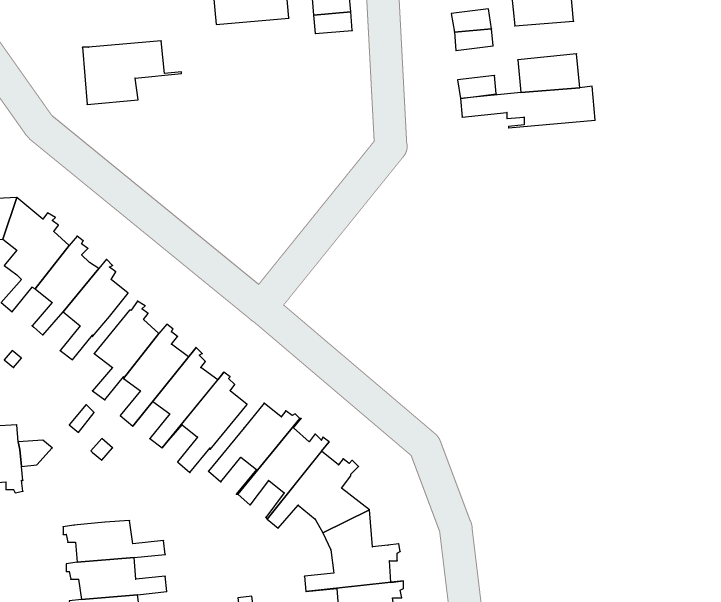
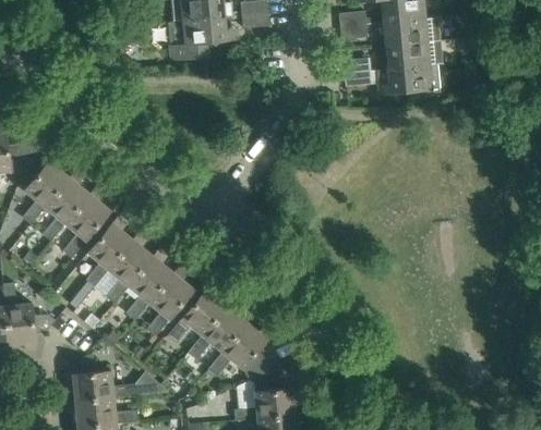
building: none -> [383,17,438,46]
building: [82,41,181,104] -> [168,16,238,61]

